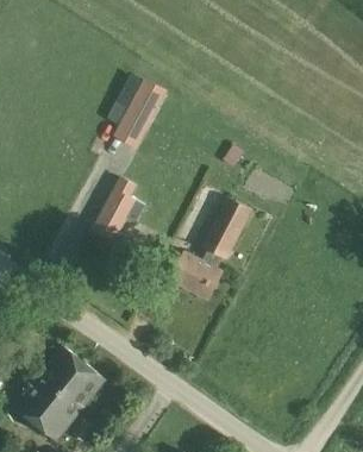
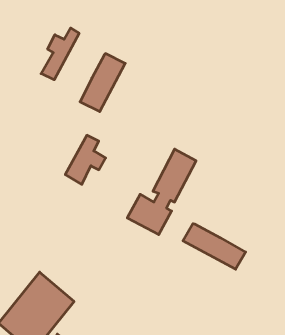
building: none -> [41,28,79,80]
building: none -> [183,224,246,269]

